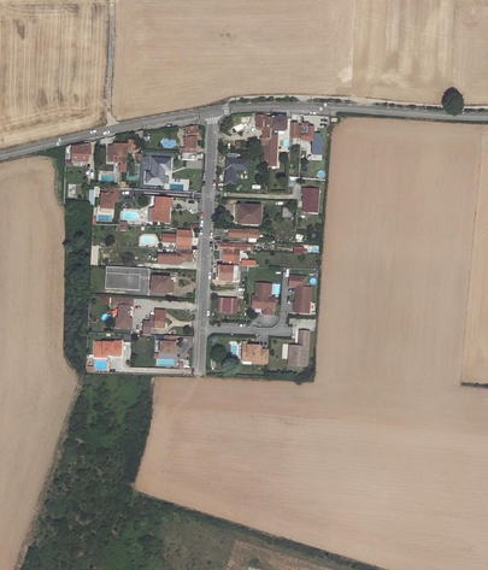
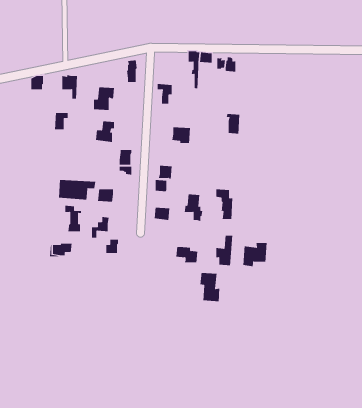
building: none -> [243,242,267,267]
building: none -> [200,272,220,302]

